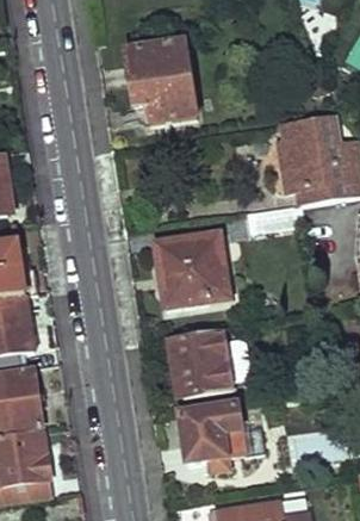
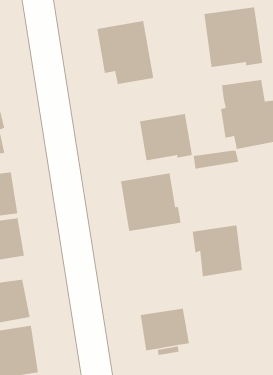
building: none -> [203,6,263,68]
building: none -> [139,113,193,161]
building: [168,328,232,395] -> [192,224,243,277]

